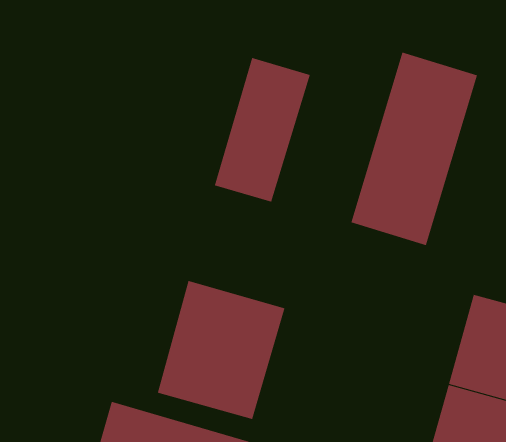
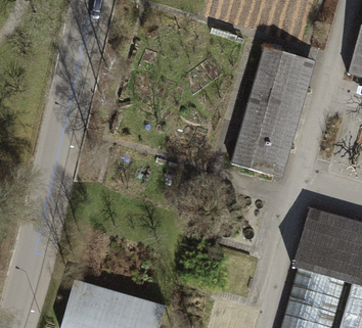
building: [214,57,311,203] -> none
building: [157,280,285,420] -> none

